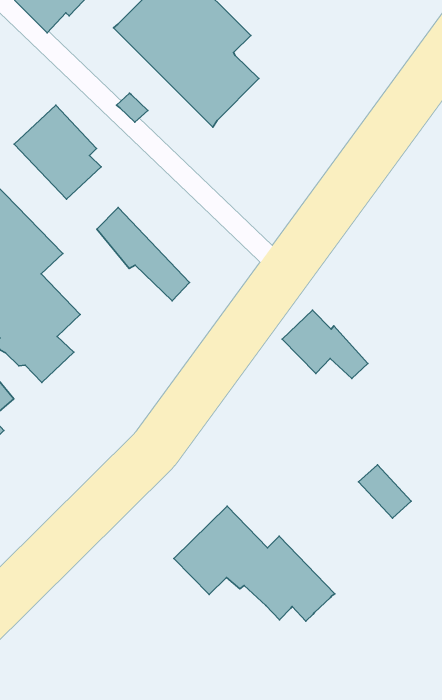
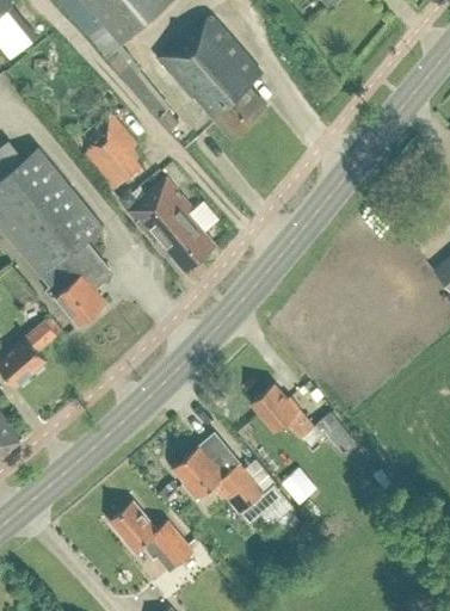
building: none -> [150,179,214,258]
building: [282,310,368,379] -> [249,383,314,438]
building: none -> [112,500,195,570]

